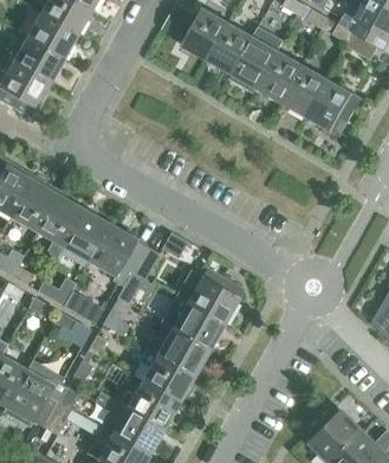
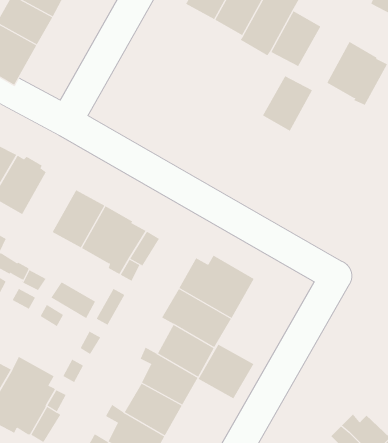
building: [283,66,328,116] -> [262,75,313,131]
building: [38,195,85,258] -> none
building: none -> [198,344,254,399]

